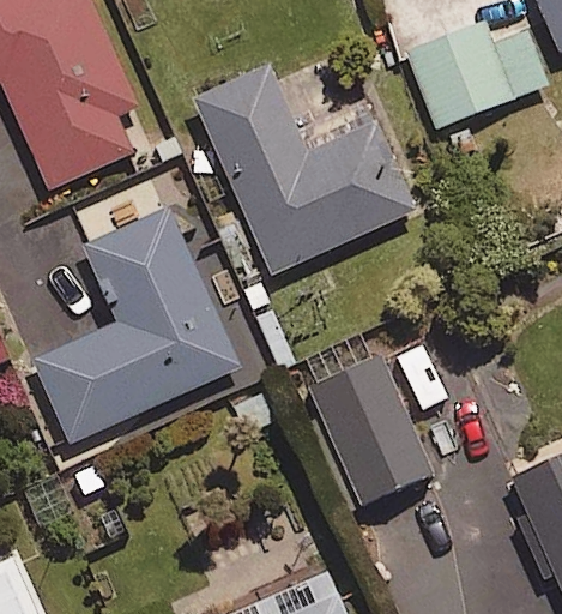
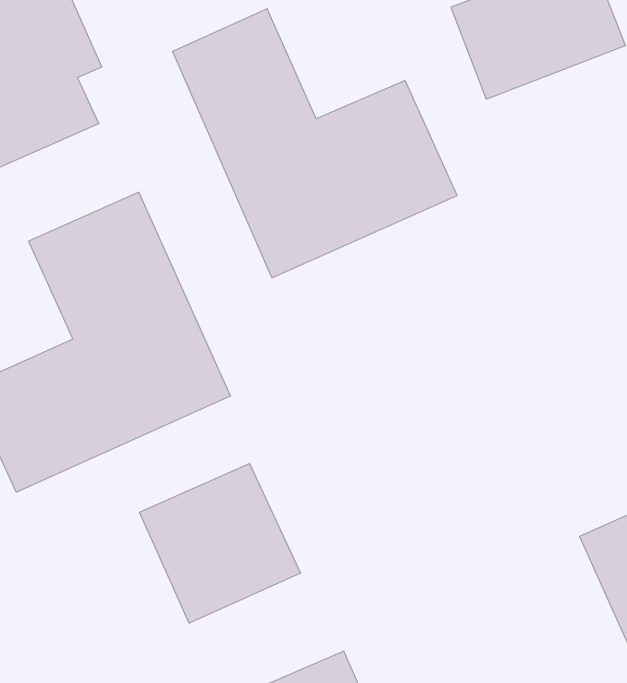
building: [315,366,433,510] -> none
building: none -> [140,463,301,623]

